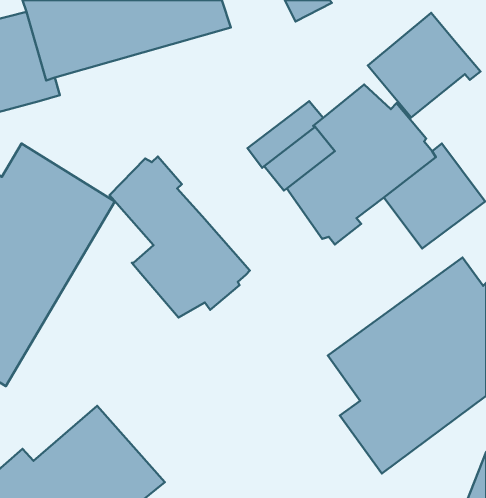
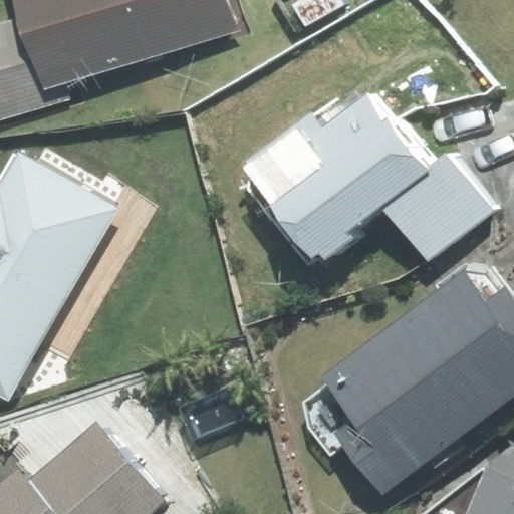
building: [368,13,480,118] -> none
building: [109,157,250,318] -> none

